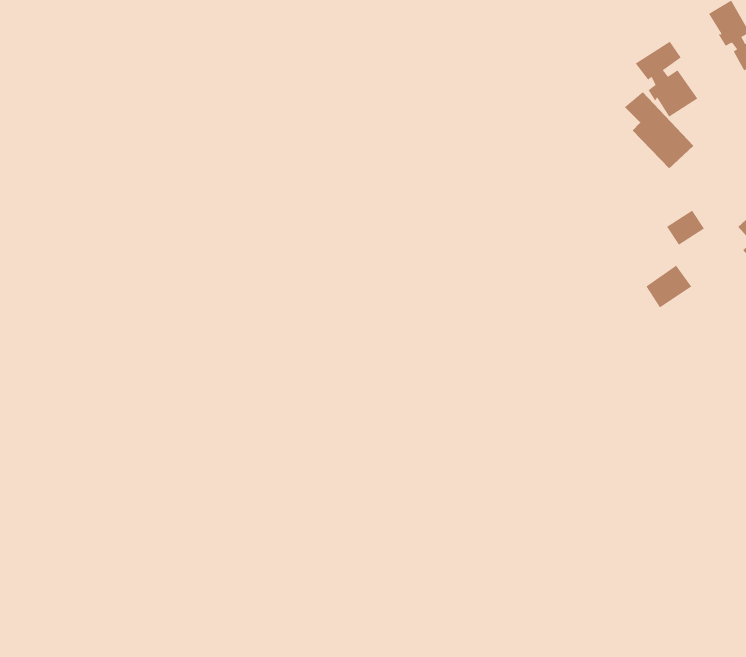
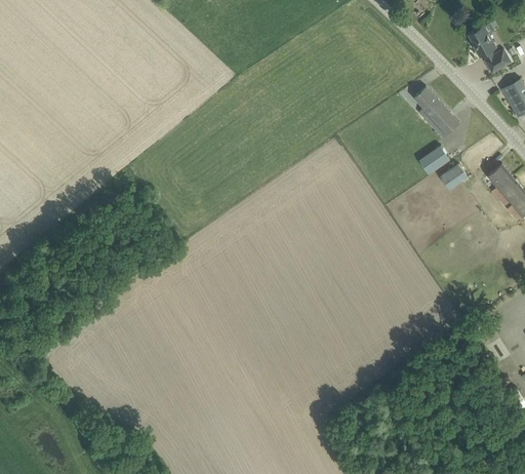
building: [635,41,698,118] -> none
building: [645,265,692,308] -> [420,145,451,173]

